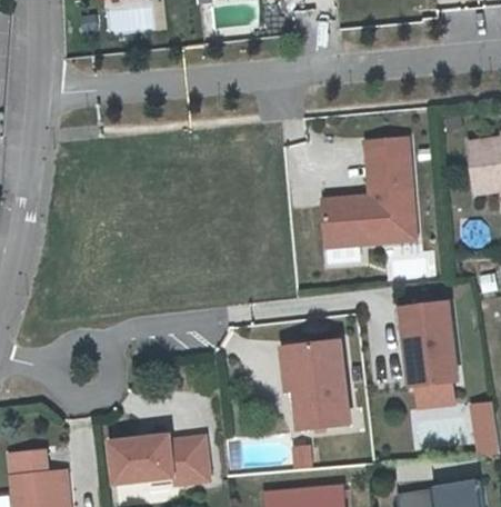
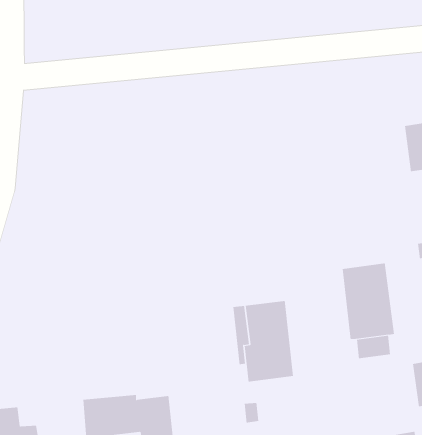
building: [320,136,422,247] -> none

